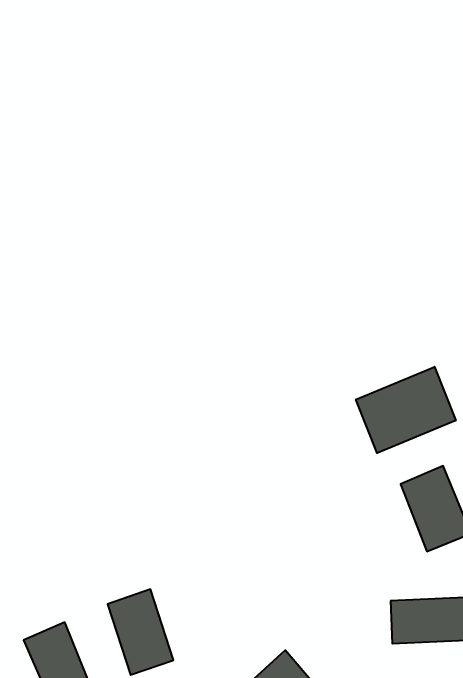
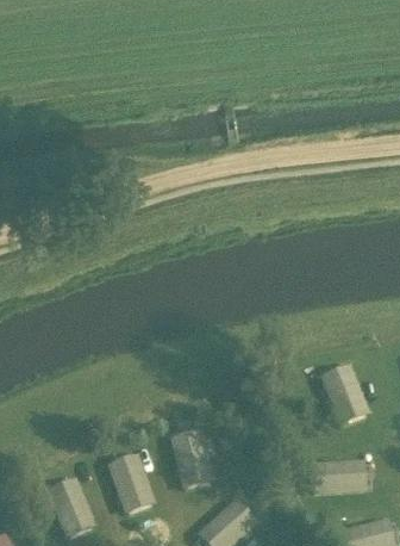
building: [356,367,456,453] -> none
building: none -> [171,429,212,486]

